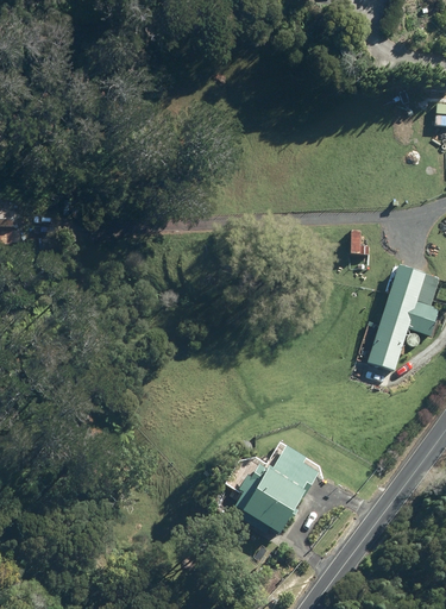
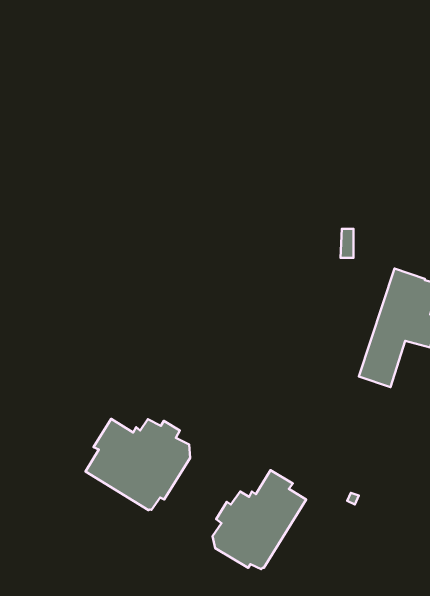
building: none -> [85,419,190,510]

